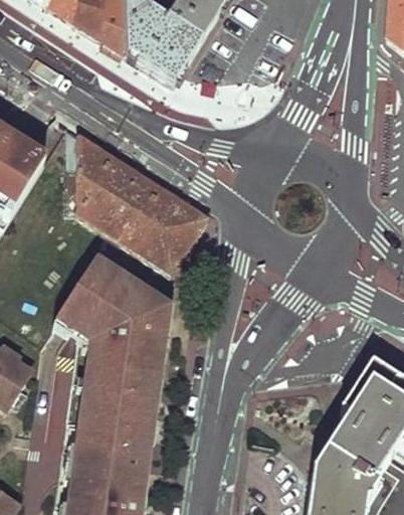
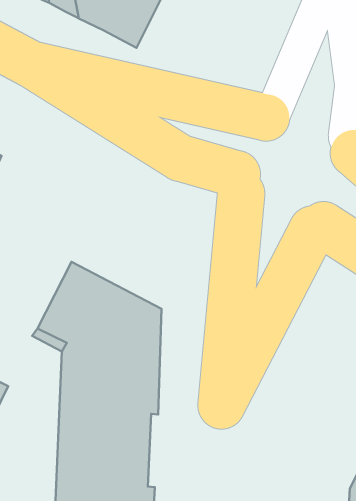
building: [74,134,207,274] -> none

